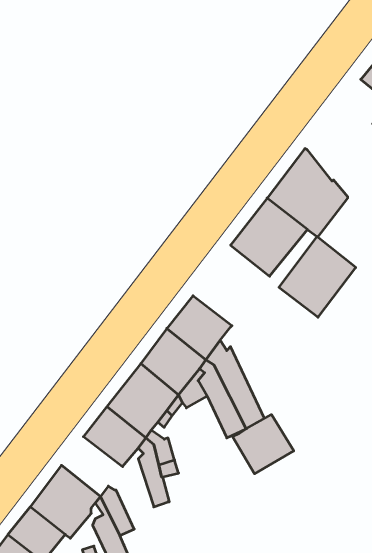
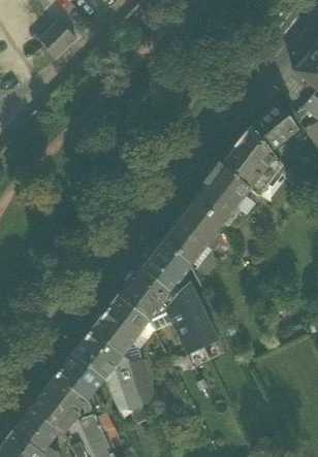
building: none -> [39,22,75,59]
building: none -> [250,104,296,152]
building: [279,236,356,317] -> [159,202,220,266]
building: [232,415,294,474] -> none
building: none -> [55,354,103,401]

